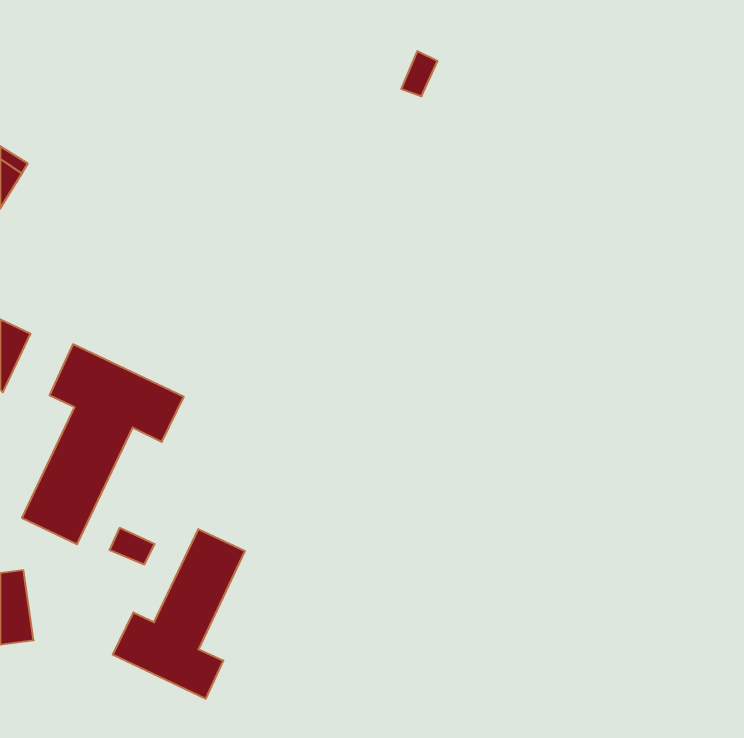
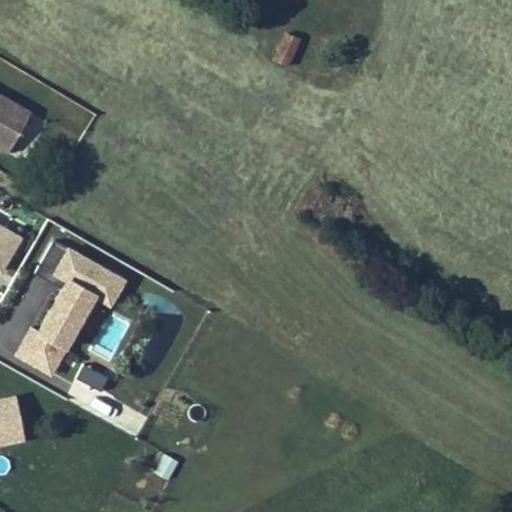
building: [113,529,245,699] -> none

